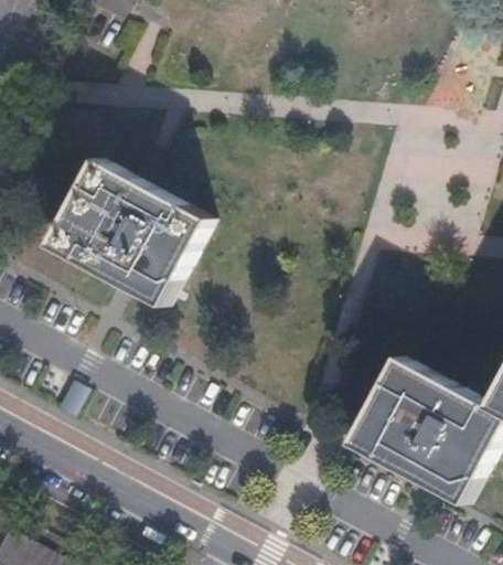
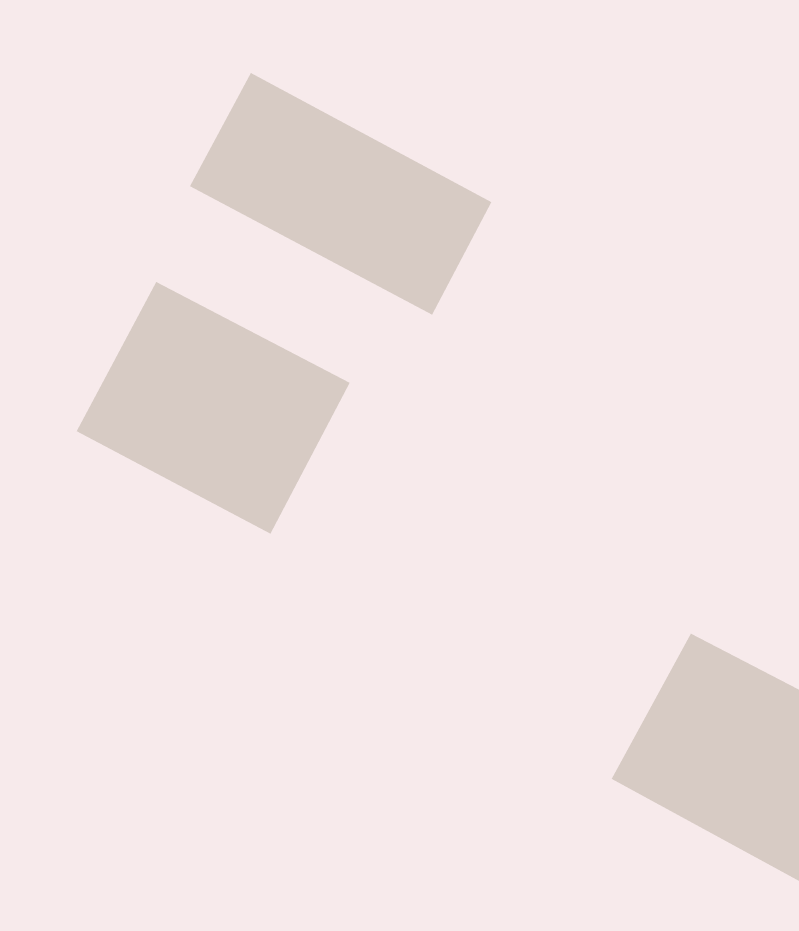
building: none -> [189,72,493,316]

